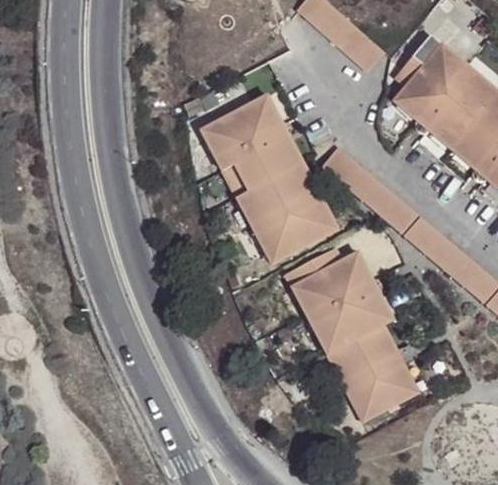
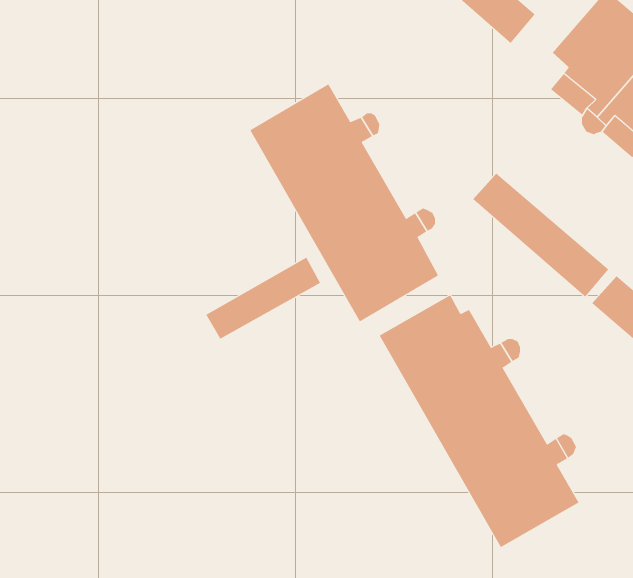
building: none -> [205,257,321,340]

